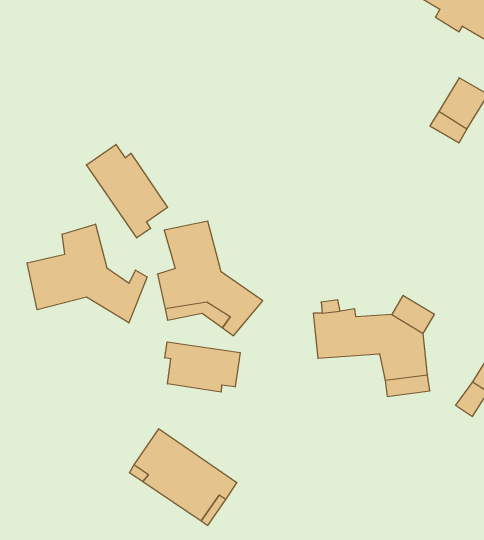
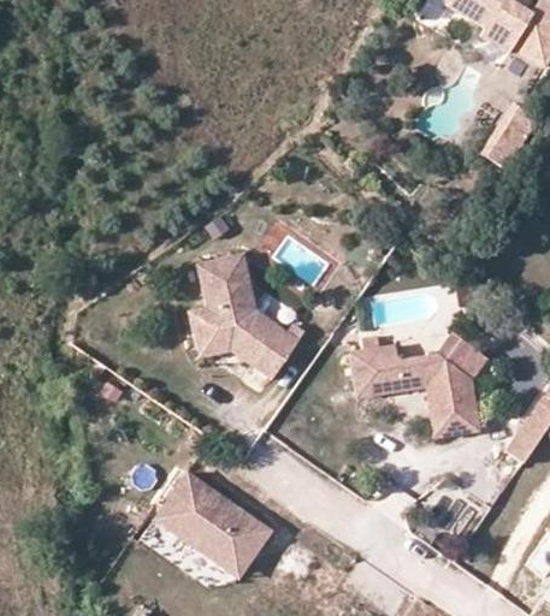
building: [86,144,168,238] -> none
building: [27,224,147,323] -> none
building: [165,342,240,392] -> none

